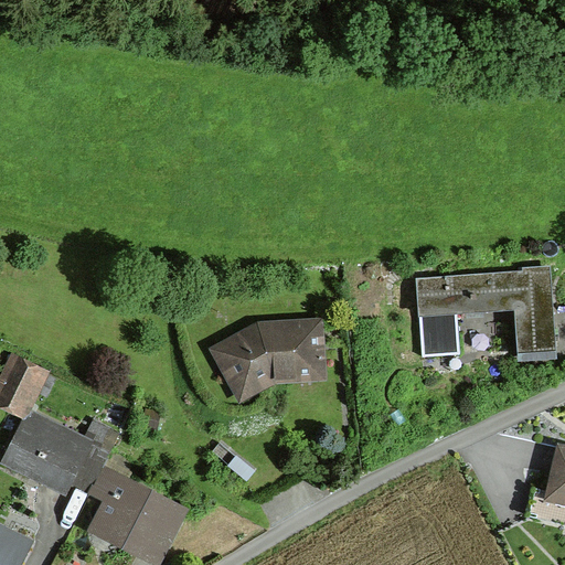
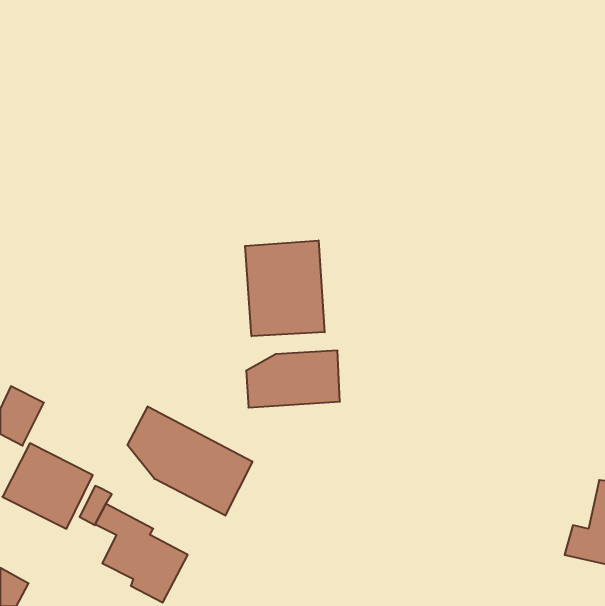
building: none -> [245,240,325,336]
building: [416,269,554,356] -> none
building: none -> [127,406,252,516]

